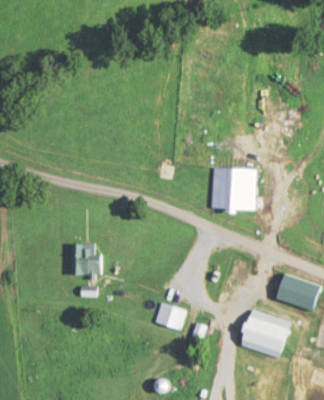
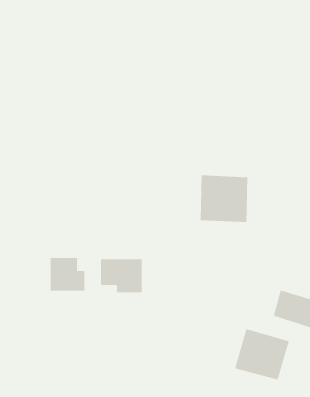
building: none -> [100,258,143,293]
building: [153,301,184,329] -> none

